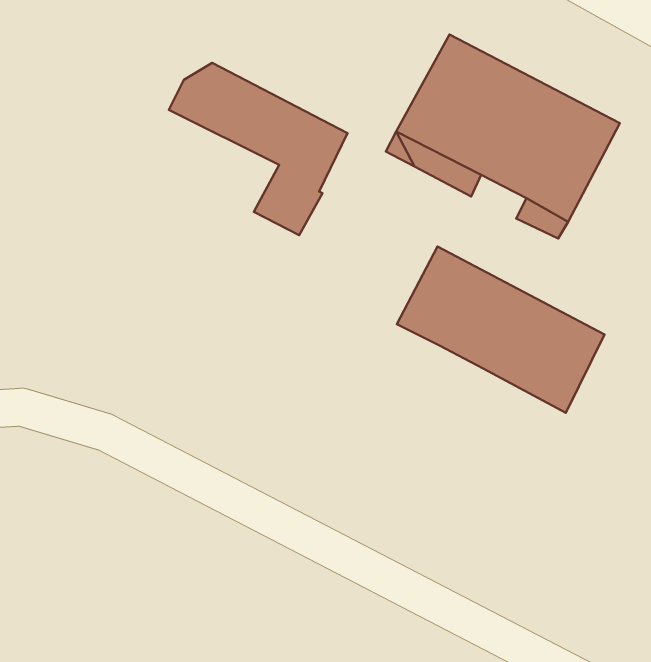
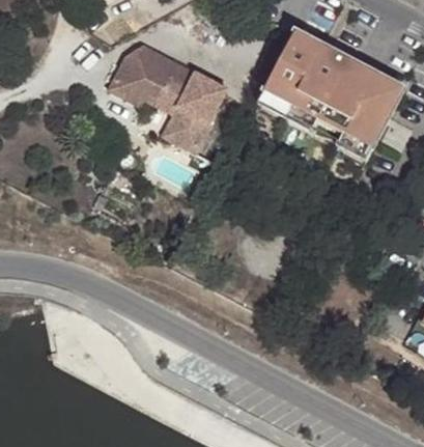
building: none -> [114,75,190,138]
building: [397,246,604,413] -> none

